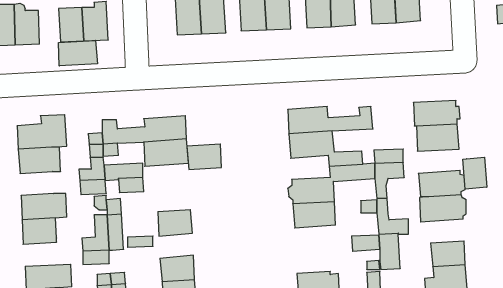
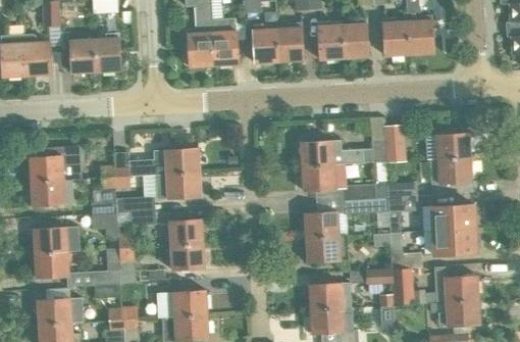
building: [59,40,97,66] -> none
building: none -> [384,126,406,161]
building: [187,144,221,169] -> [168,219,203,245]
building: [463,157,487,189] -> none
building: none -> [309,281,352,308]

